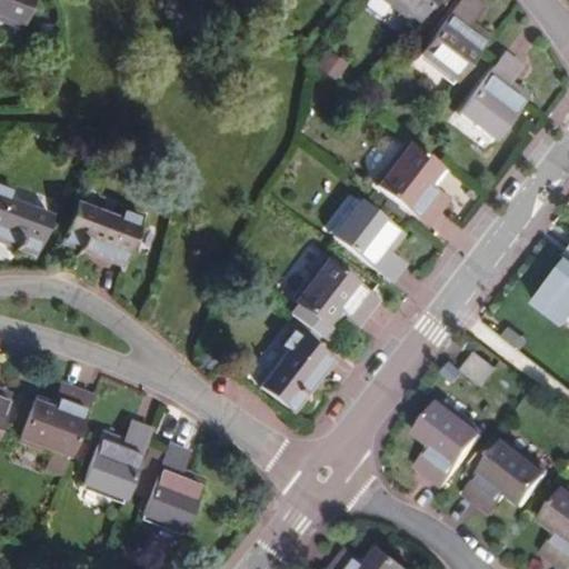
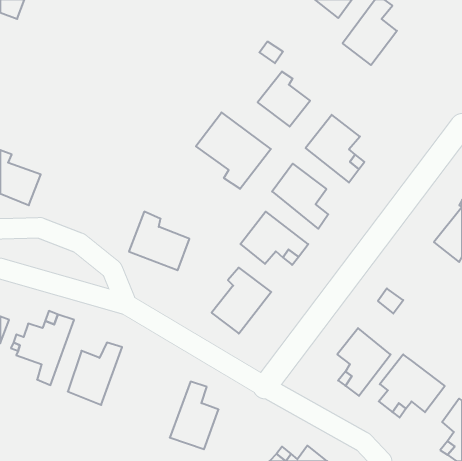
building: [461,52,528,138] -> none
building: none -> [258,71,310,127]
building: none -> [196,112,271,189]
building: [62,190,137,262] -> [129,212,189,270]
building: [142,443,202,527] -> [170,382,219,449]

